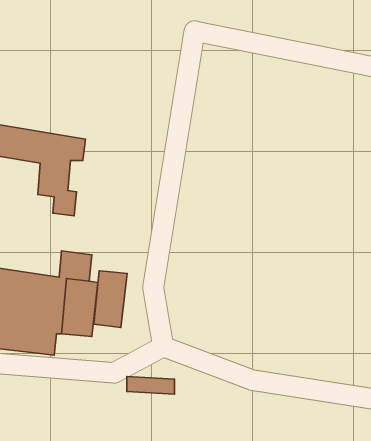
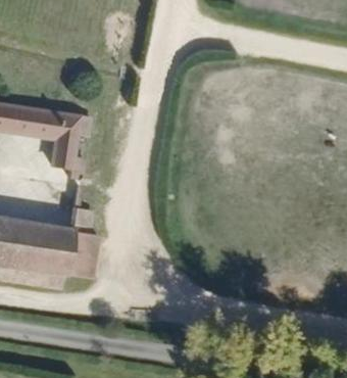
building: [94,271,127,328] -> none

